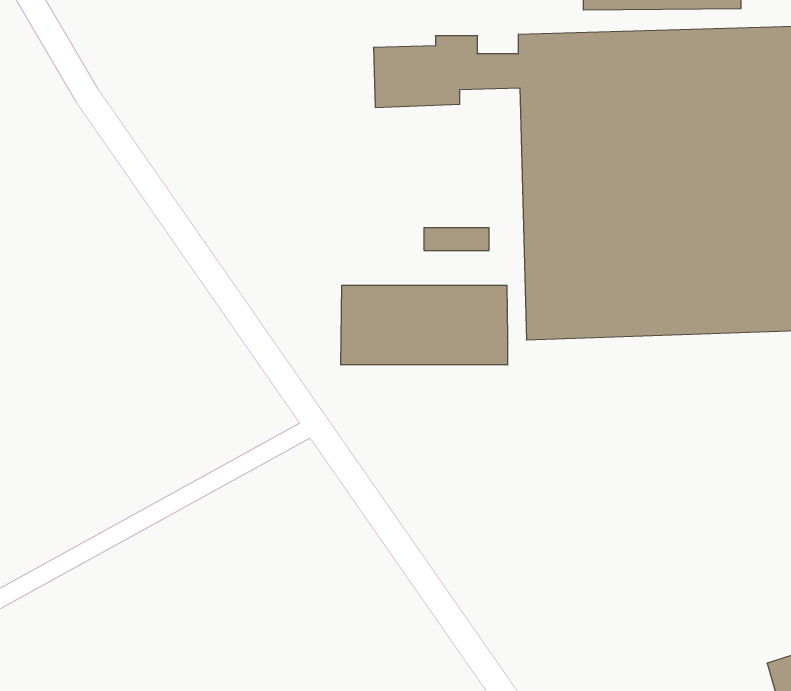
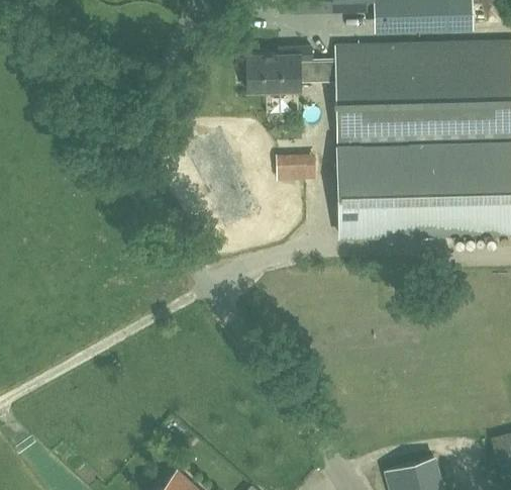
building: [341,285,508,365] -> none

